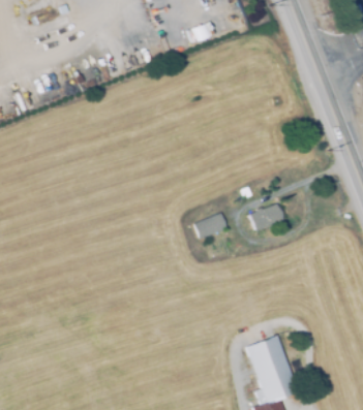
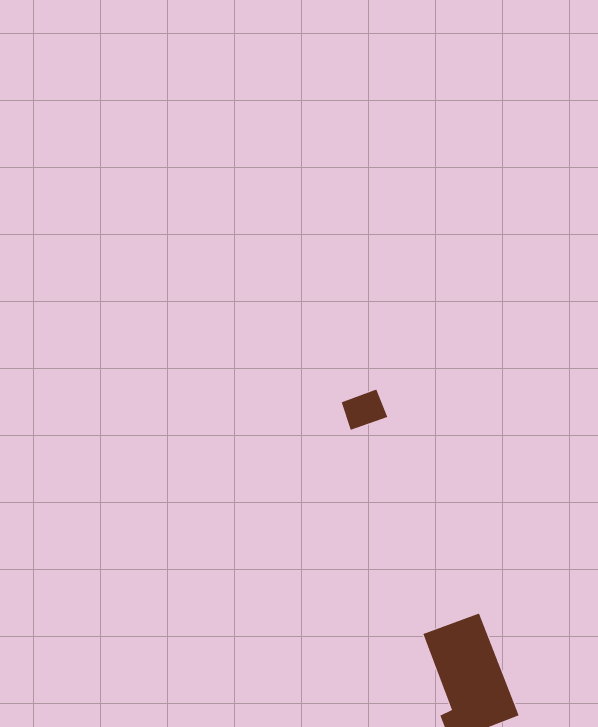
building: [249,203,284,231] -> none

